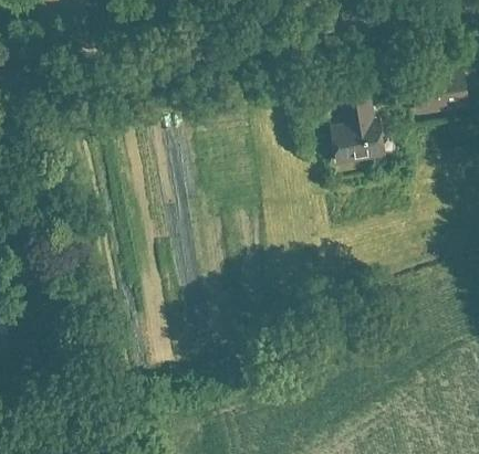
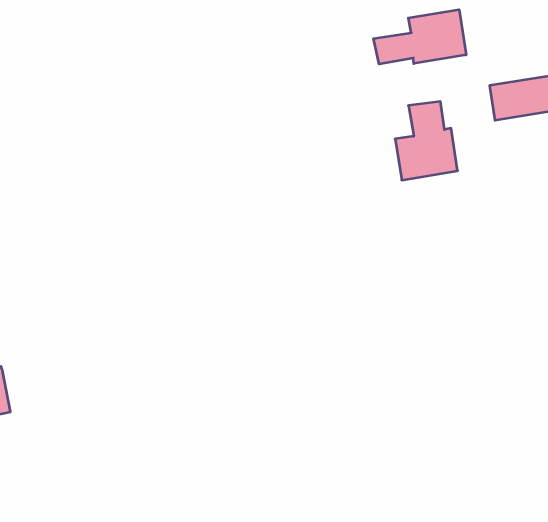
building: none -> [374,10,466,64]

